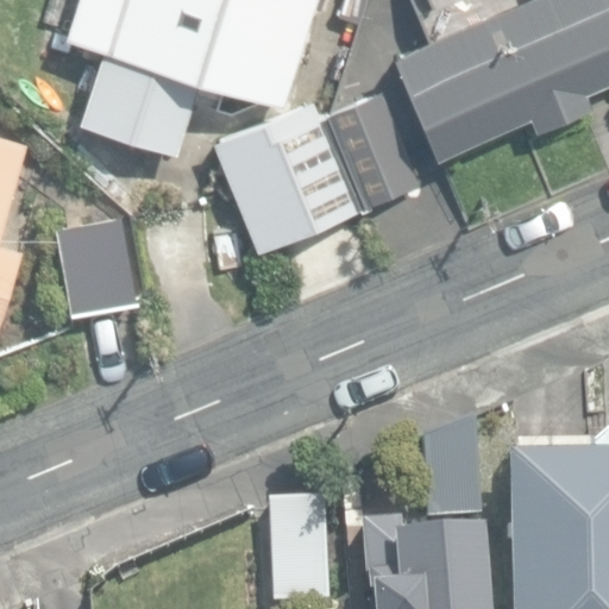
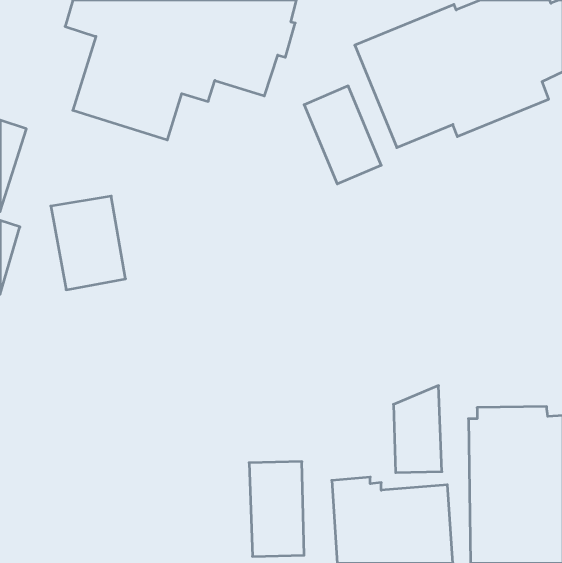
building: [238,113,363,238] -> none

